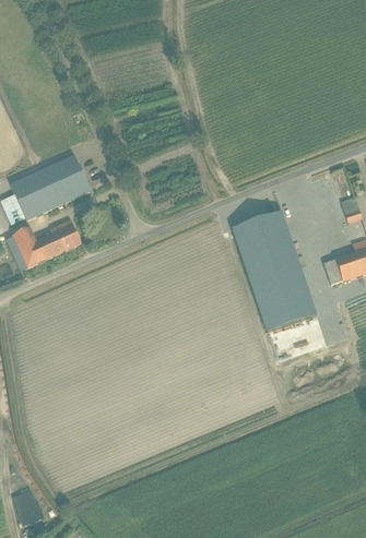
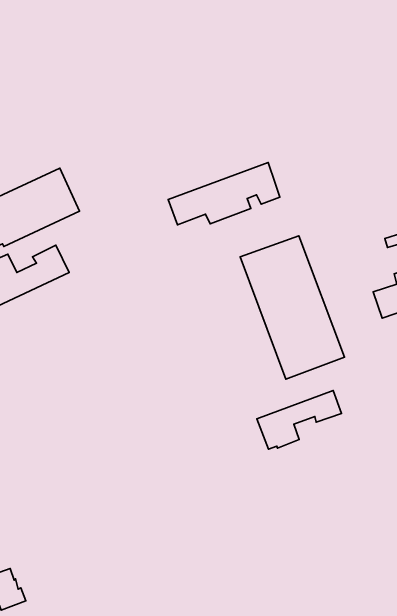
building: none -> [168,163,280,225]
building: none -> [257,391,341,449]

